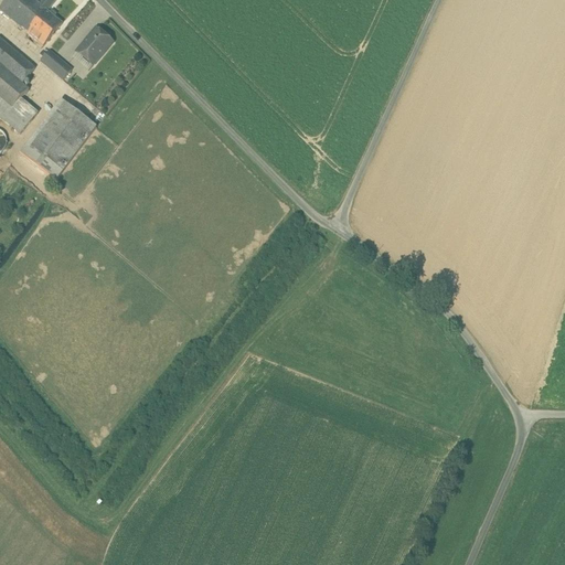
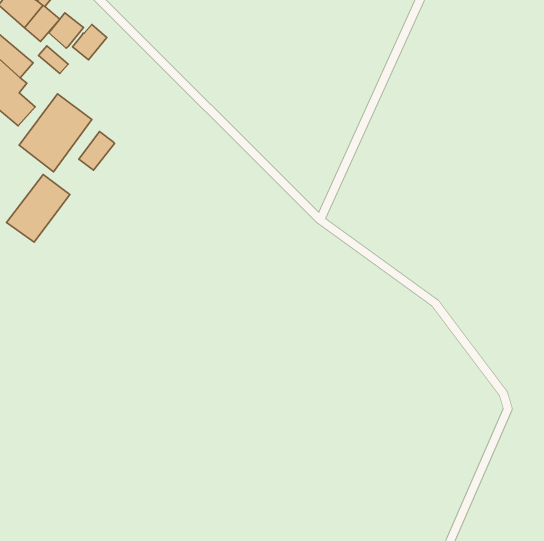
building: none -> [49,13,83,48]
building: none -> [79,132,114,170]
building: none -> [6,175,70,242]

